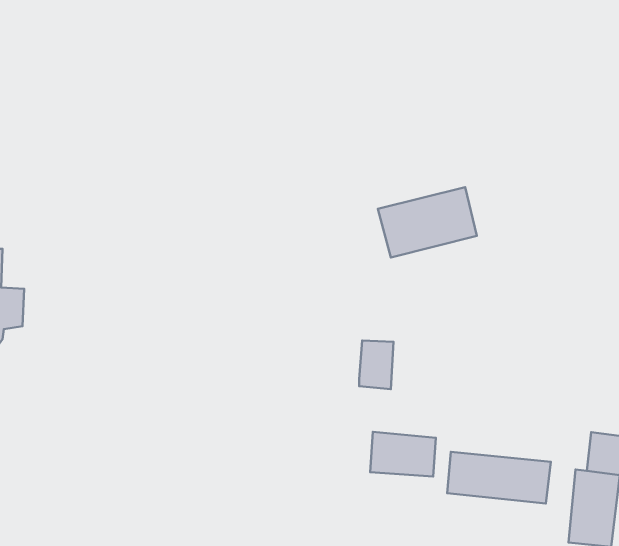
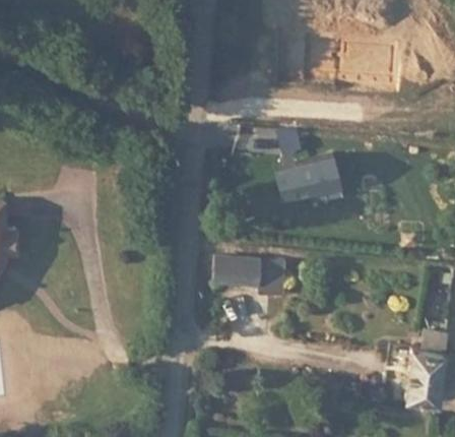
building: [370,432,436,476] -> [213,258,260,290]
building: [447,452,551,503] -> none

